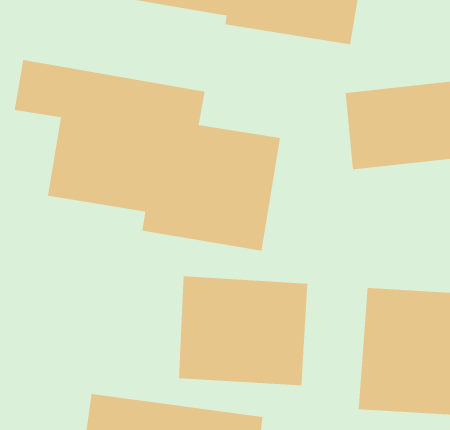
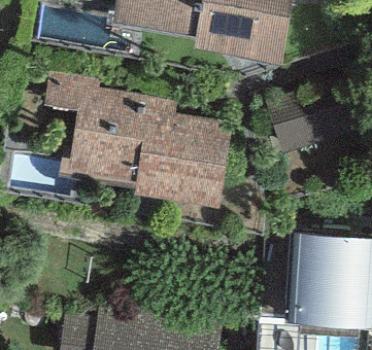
building: [179,276,308,386] -> none

